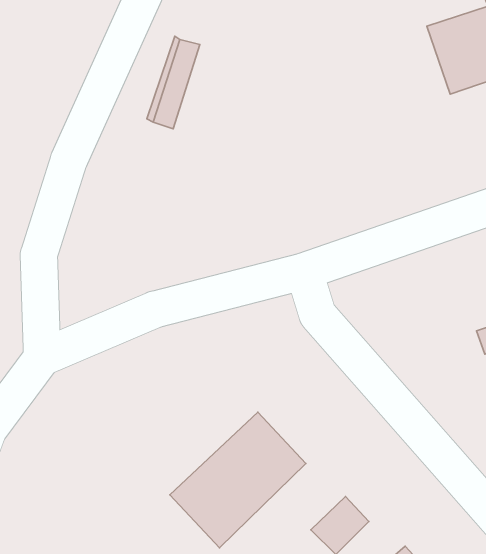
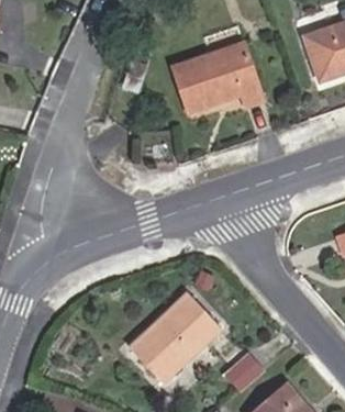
building: none -> [171,43,260,112]

